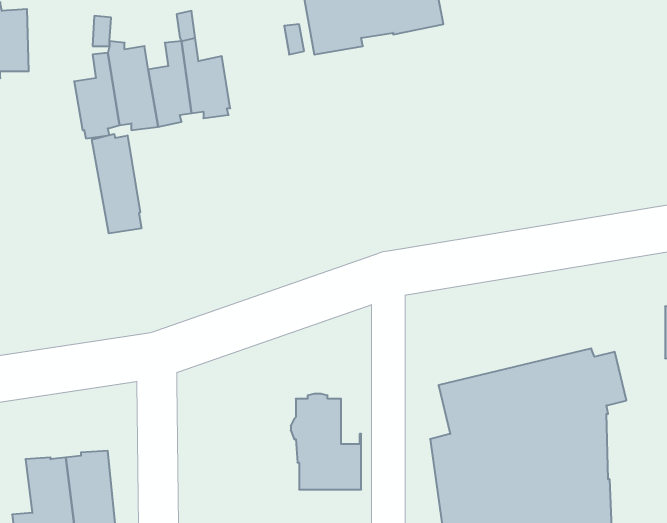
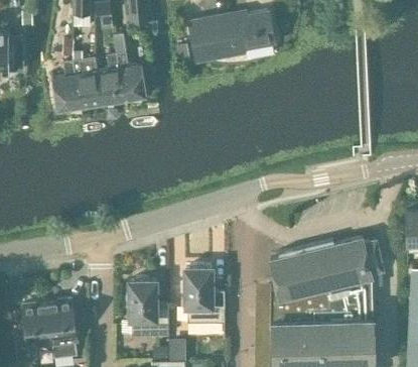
building: [92,134,141,233] -> none
building: none -> [127,280,169,338]

